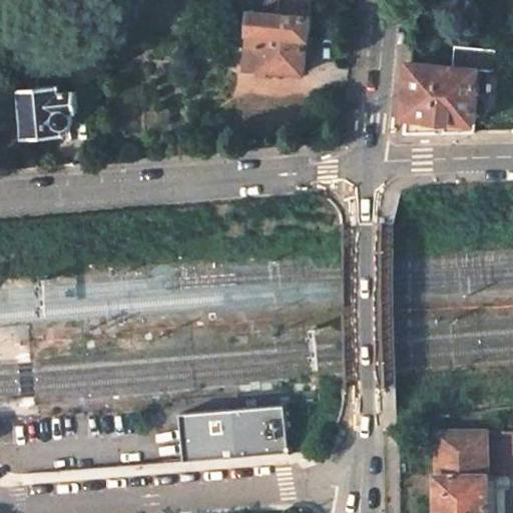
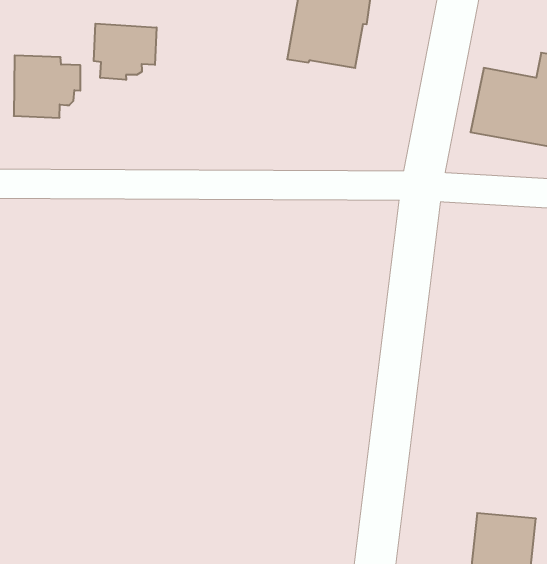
building: none -> [94,24,157,80]
building: [171,410,280,466] -> none

